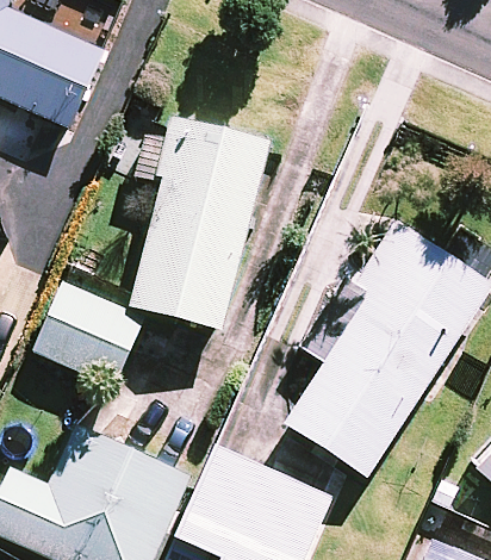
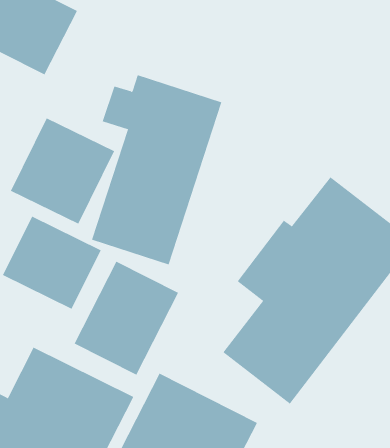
building: none -> [10,117,115,225]
building: none -> [74,261,179,375]

